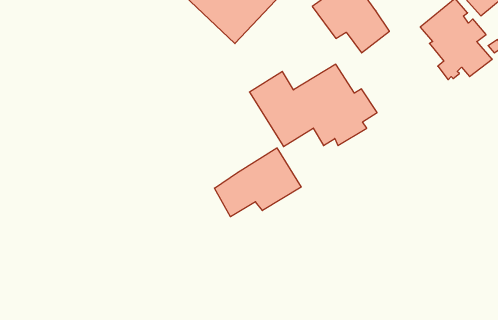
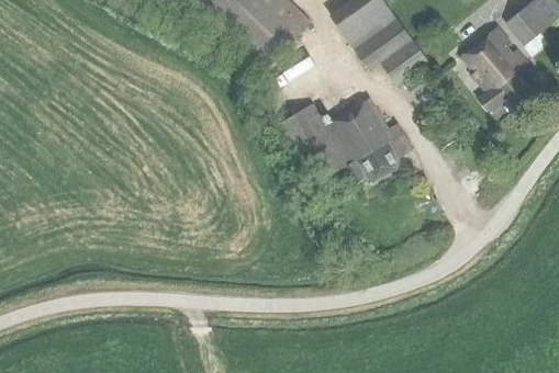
building: [214,148,301,217] -> none

